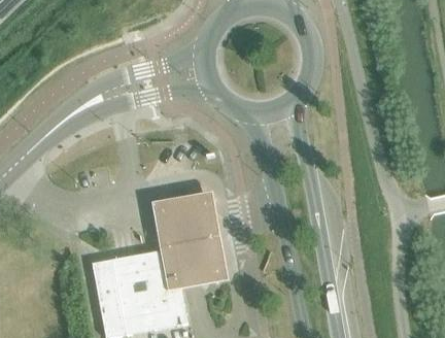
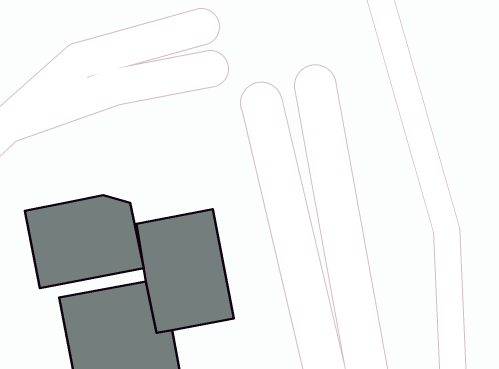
building: none -> [25,195,144,288]

